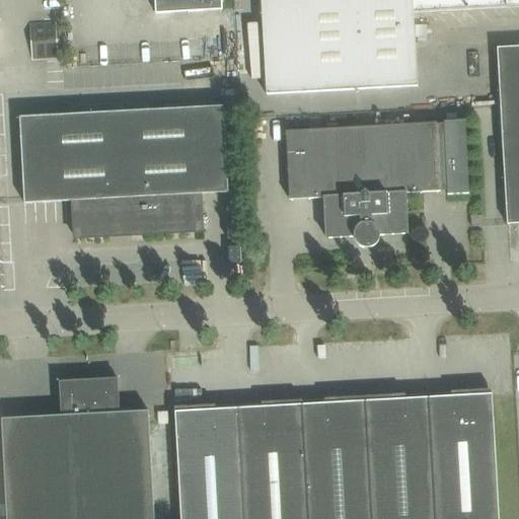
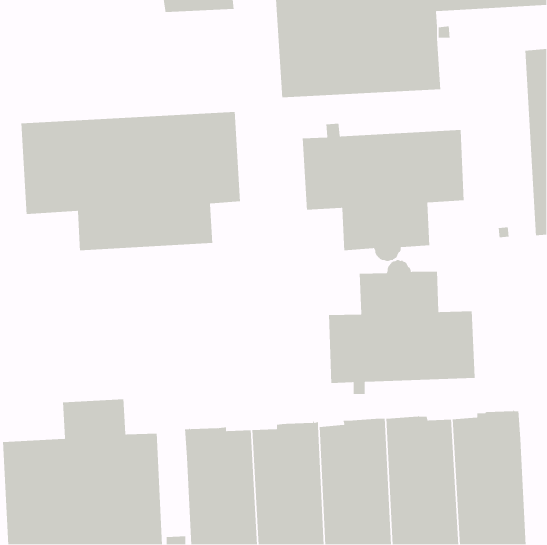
building: [437,120,469,194] -> none
building: none -> [328,259,475,395]

